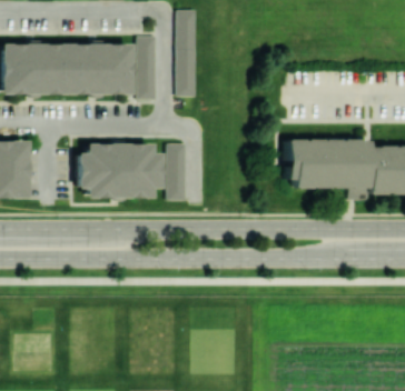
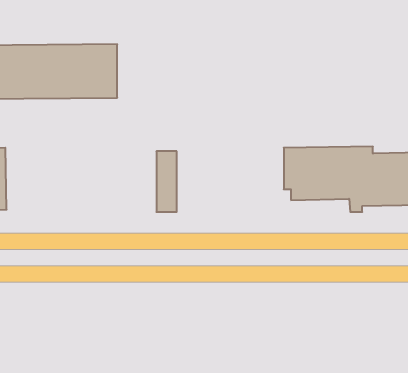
building: [177,10,196,97] -> none
building: [137,36,157,100] -> none
building: [76,143,160,198] -> none

